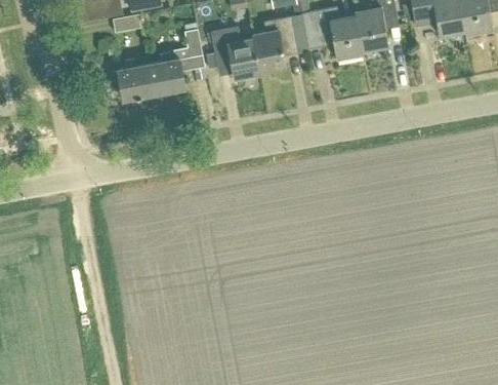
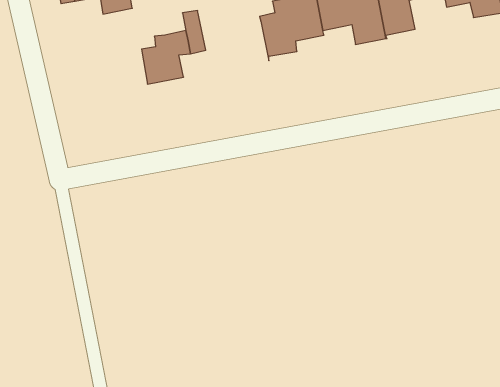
building: [211,27,260,79] -> none
building: [118,57,154,101] -> none

